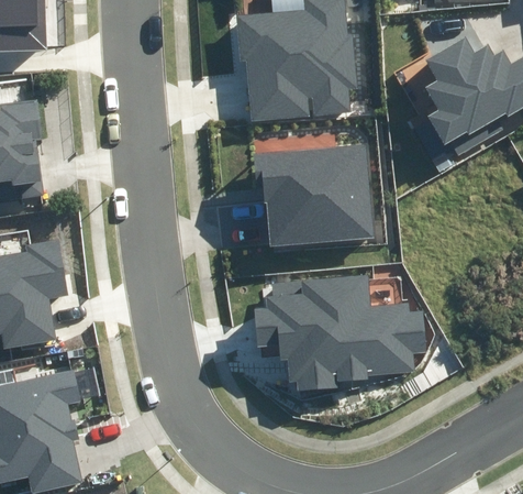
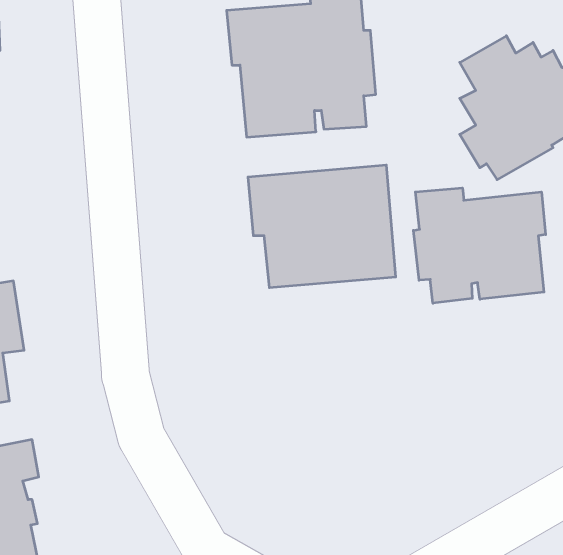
building: none -> [413,188,546,303]
building: [256,276,425,391] -> none

